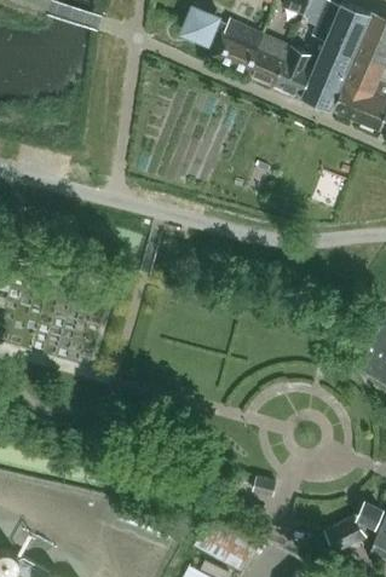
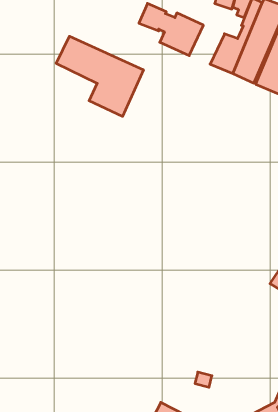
building: [249,39,294,88] -> none
building: none -> [56,36,143,116]

